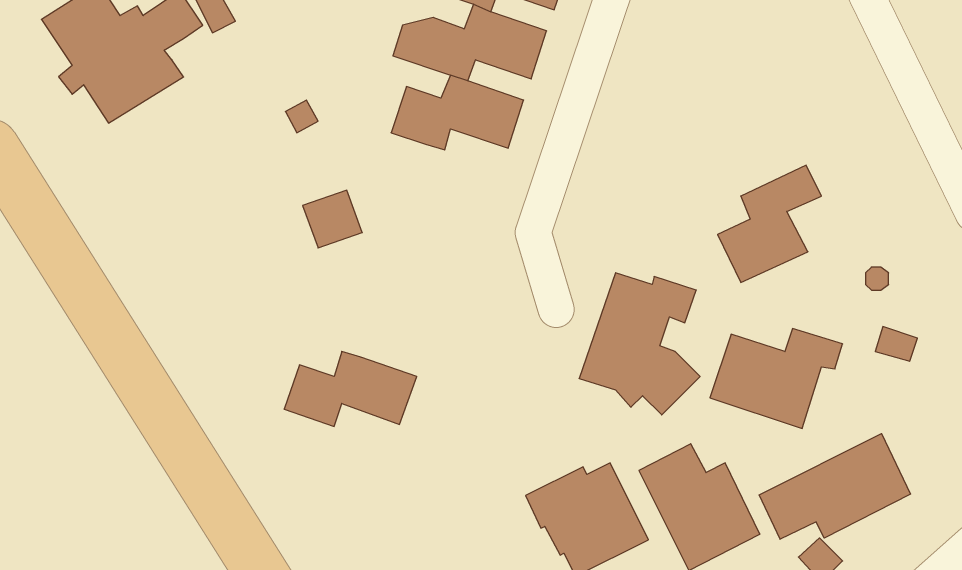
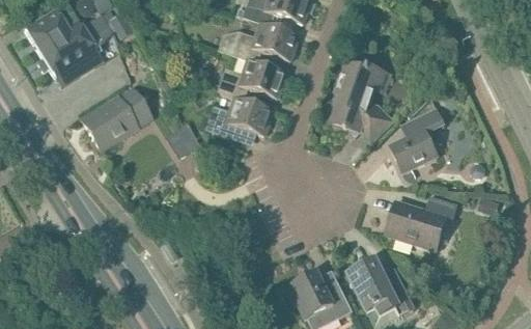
building: none -> [77,84,151,152]
building: [579,273,700,415] -> [328,63,393,140]
building: [284,351,417,426] -> [202,97,274,137]
building: [759,434,911,539] -> none

